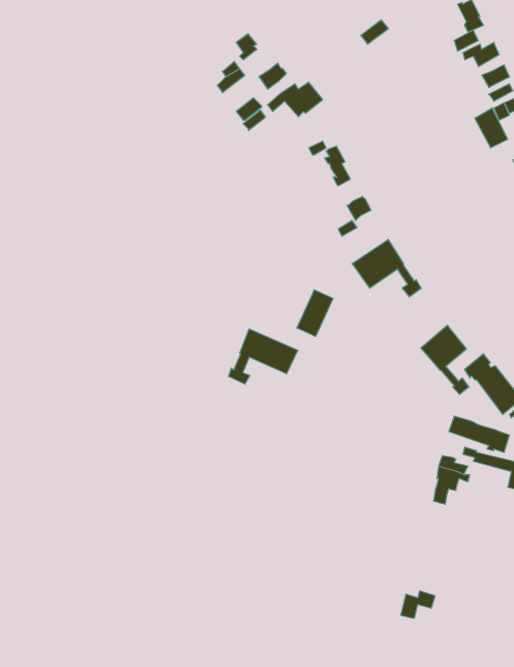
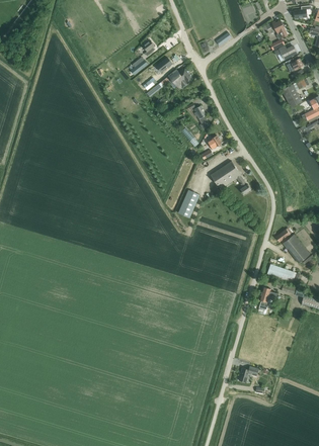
building: [421,325,469,395] -> none
building: [229,329,298,384] -> none

